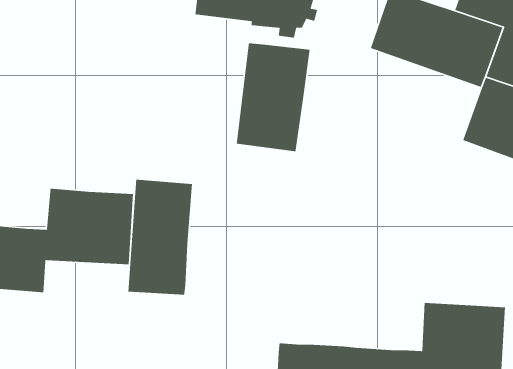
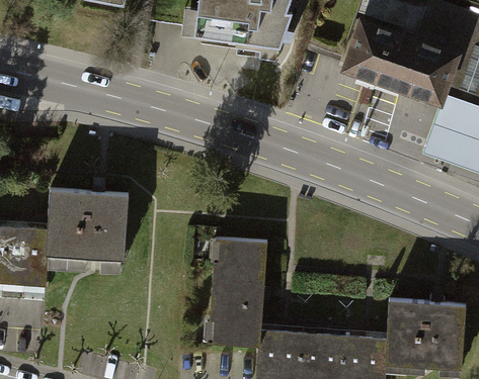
building: [236,42,310,152] -> none
building: [128,179,193,296] -> [207,236,265,342]

